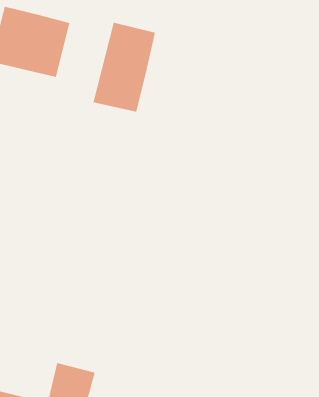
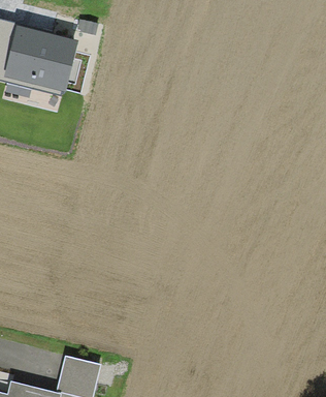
building: [93,22,156,112] -> none

